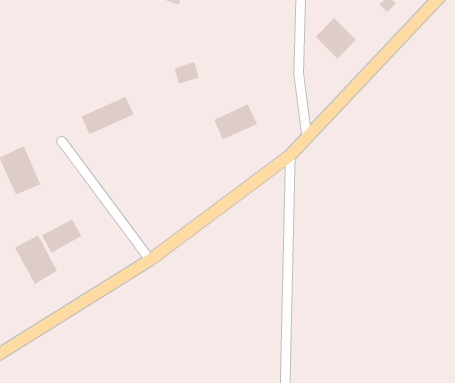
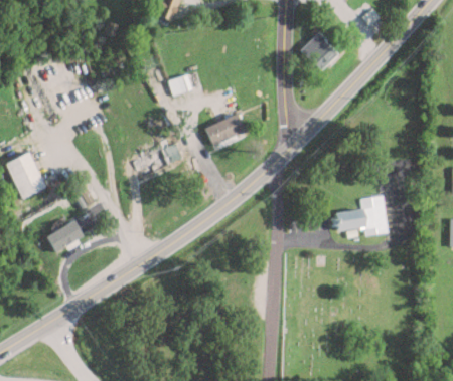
building: [81,96,134,135] -> [133,142,183,178]
building: none -> [331,195,389,235]
building: [14,235,58,285] -> none

